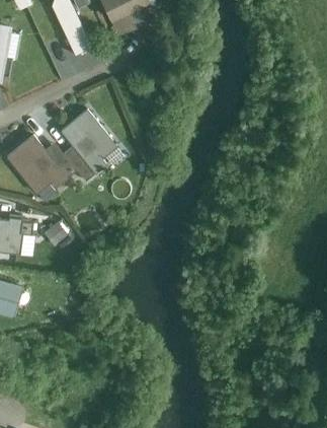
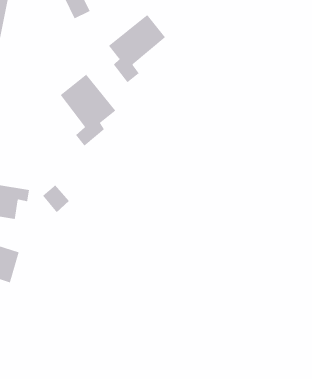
building: none -> [108,14,166,83]
building: [7,136,76,194] -> none

